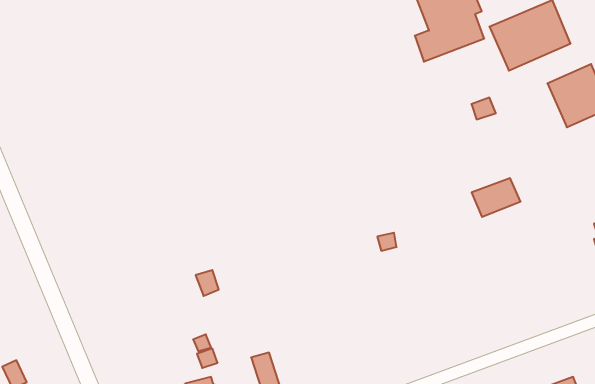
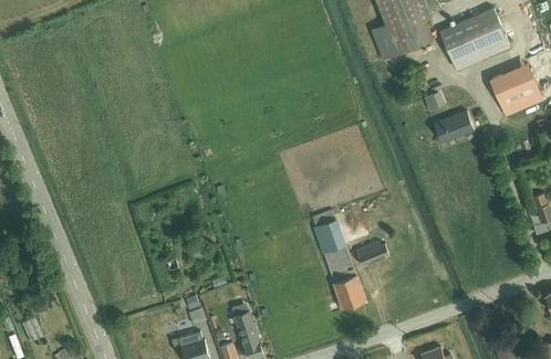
building: [472,178,521,217] -> [433,112,475,145]
building: none -> [312,211,365,310]
building: none -> [355,242,389,267]

